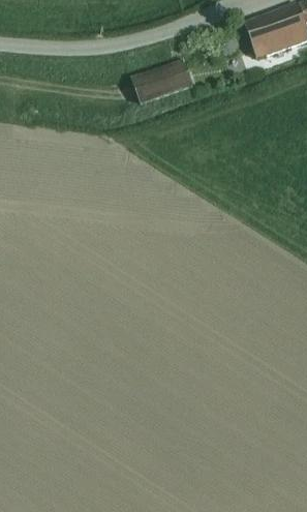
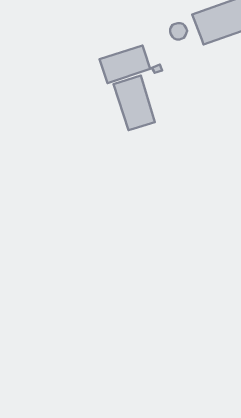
building: none -> [114,75,155,130]

